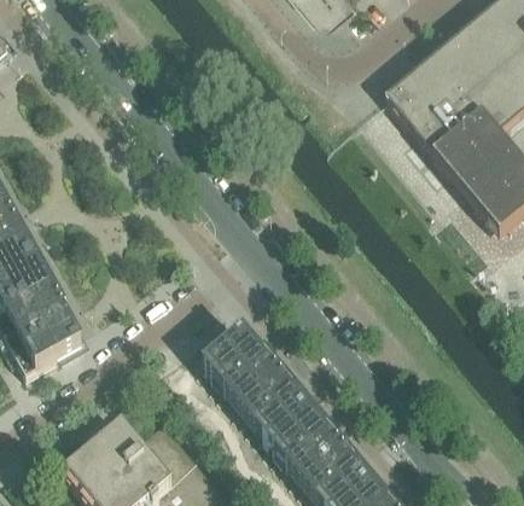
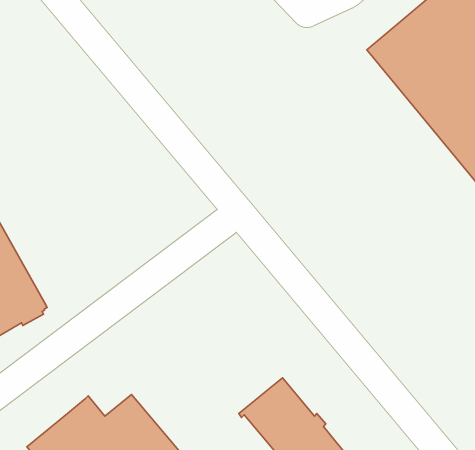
building: [204,327,307,436] -> none

